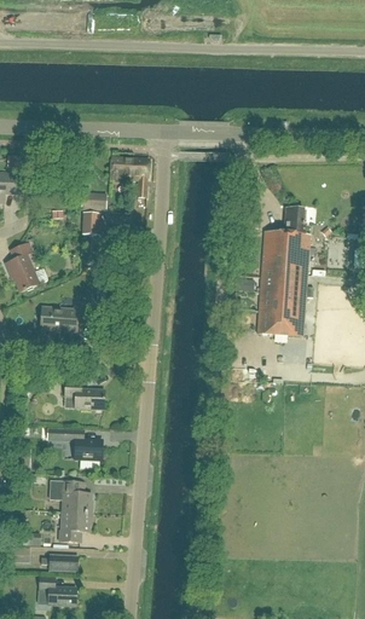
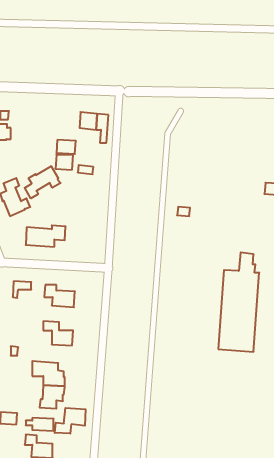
building: [256,207,309,336] -> [218,252,259,352]
building: none -> [25,166,61,198]
building: none -> [55,408,86,434]

